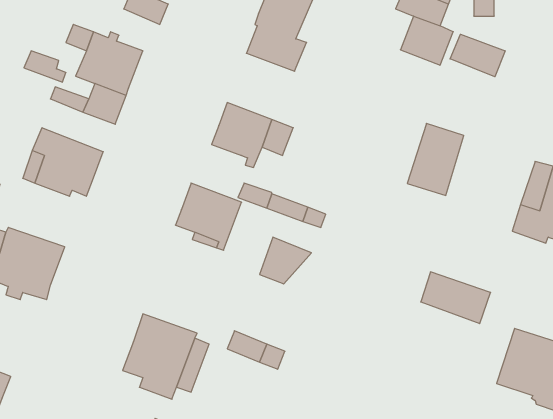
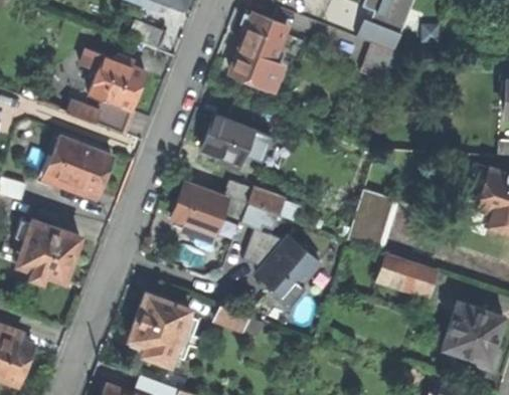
building: [450,34,505,77] -> none
building: [407,123,464,195] -> [346,192,393,252]
building: none -> [257,236,320,308]

